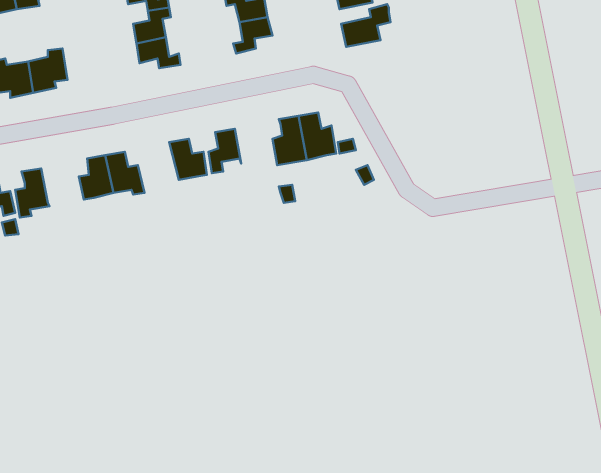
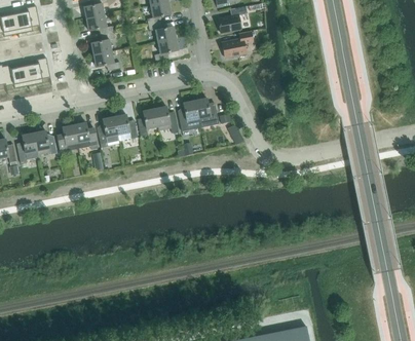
building: none -> [155,106,179,132]
building: none -> [98,116,120,148]
building: none -> [34,129,58,154]

